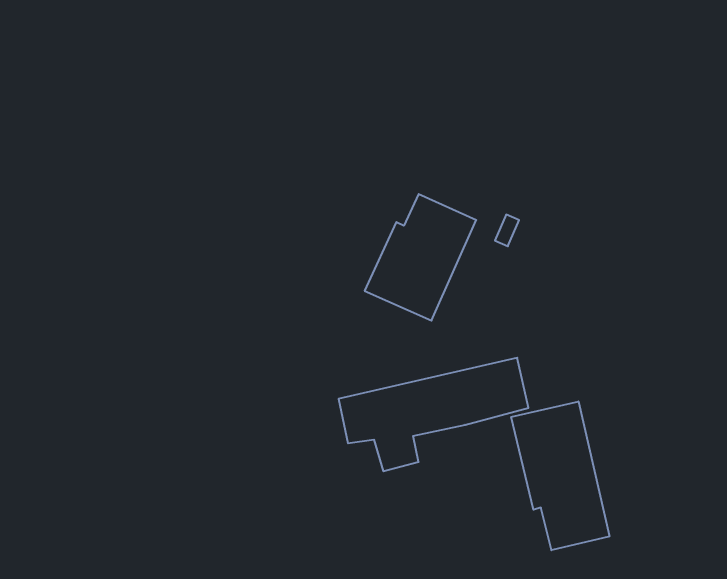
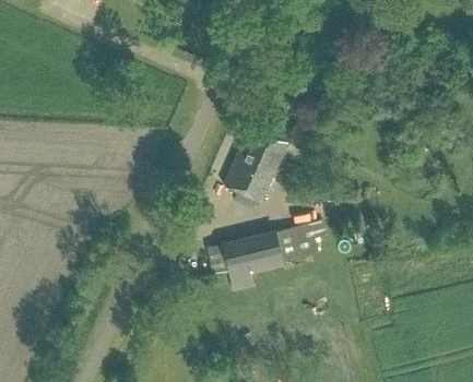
building: [511,401,609,550] -> none

